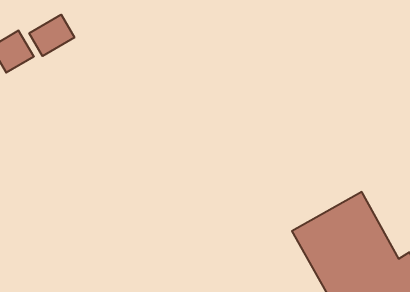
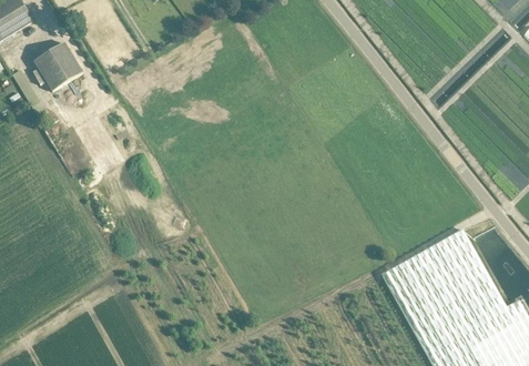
building: [29,15,74,56] -> none

